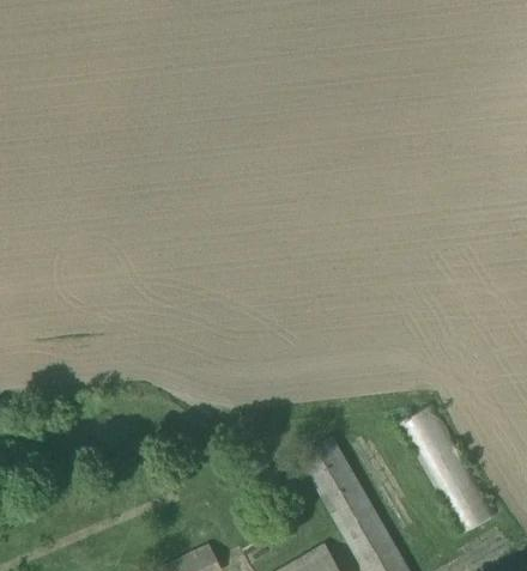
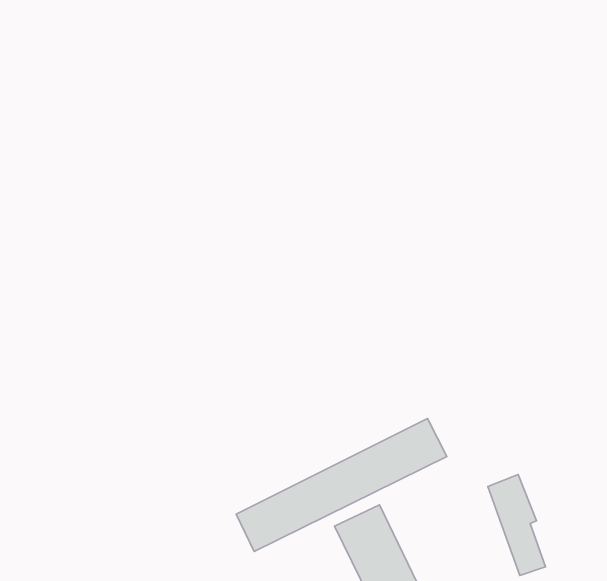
building: none -> [236,419,447,551]

